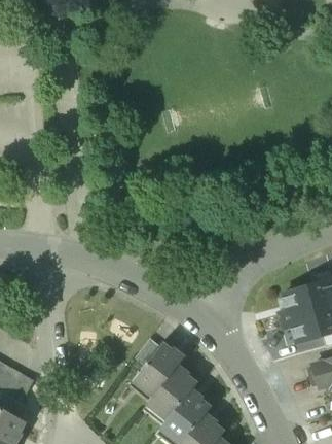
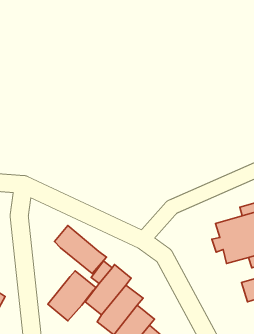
building: none -> [54,226,107,273]
building: none -> [48,271,96,321]

